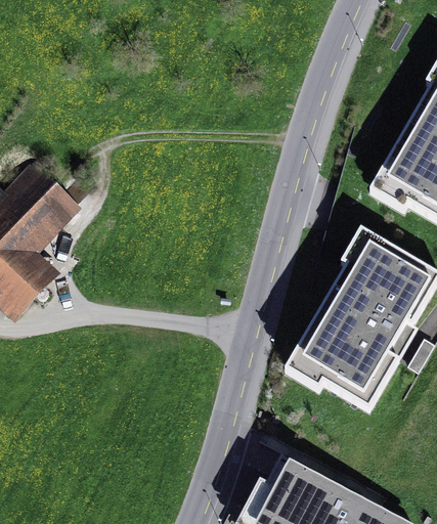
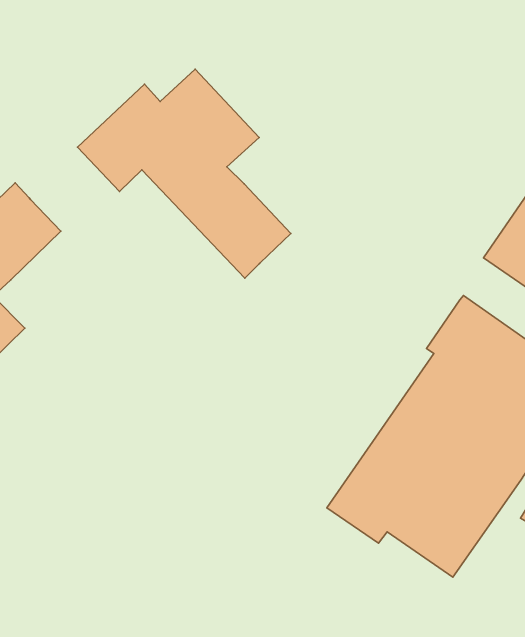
building: none -> [77,69,291,278]

